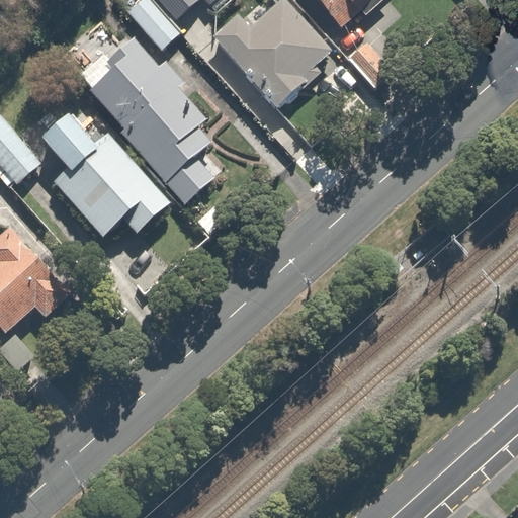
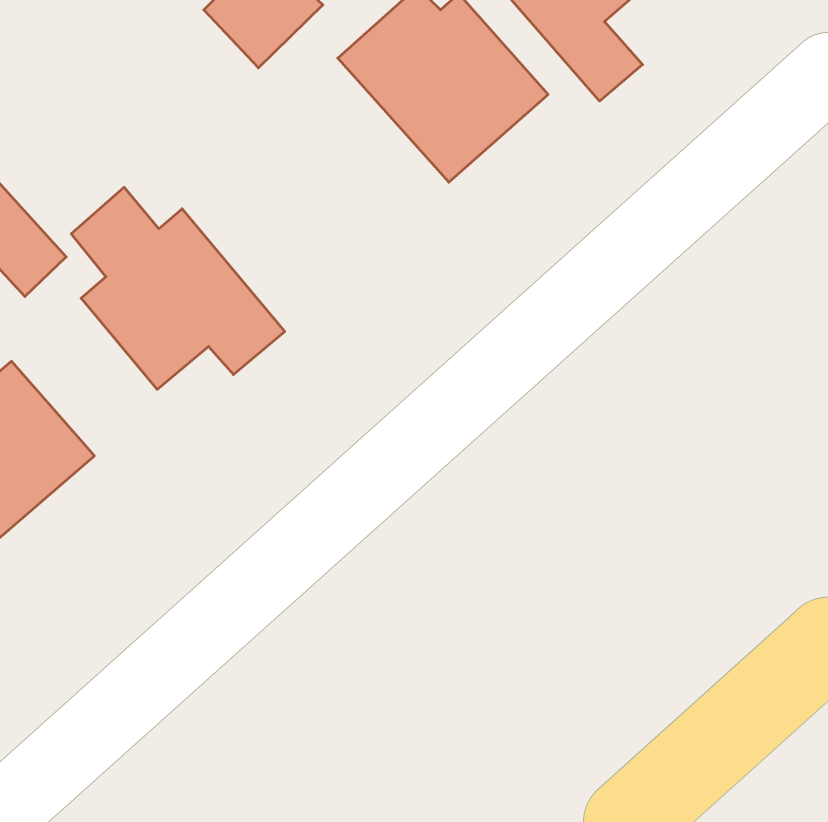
building: [86,34,218,210] -> none

